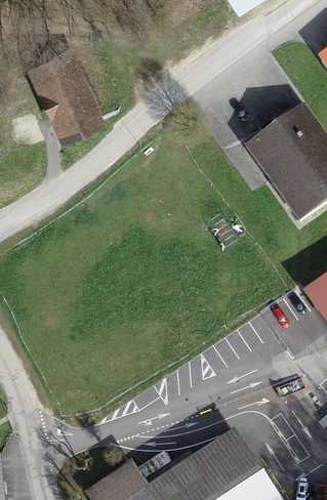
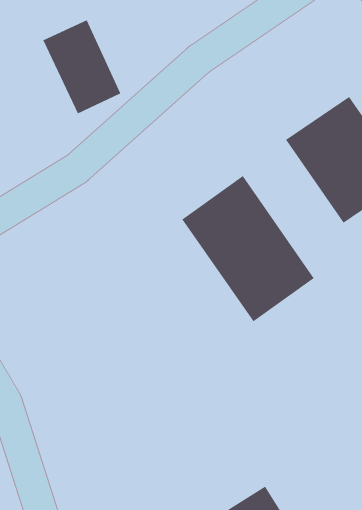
building: none -> [182,175,315,322]

